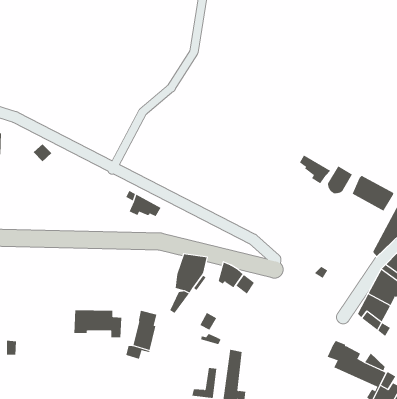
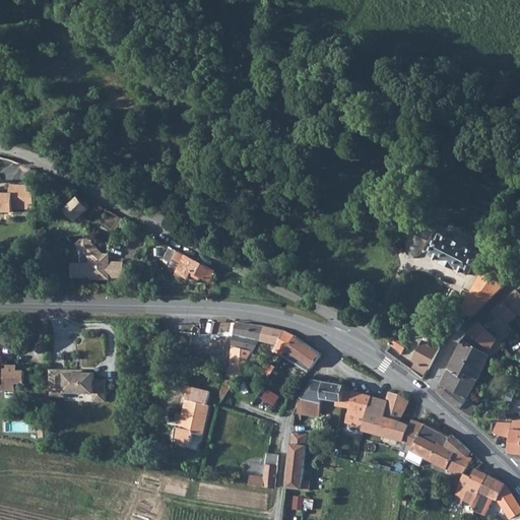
building: [299,155,331,184] -> none
building: none -> [68,235,121,278]
building: none -> [261,326,283,353]
building: none -> [408,339,440,378]
building: none -> [291,380,409,440]
building: [74,310,122,338] -> [47,368,103,400]

